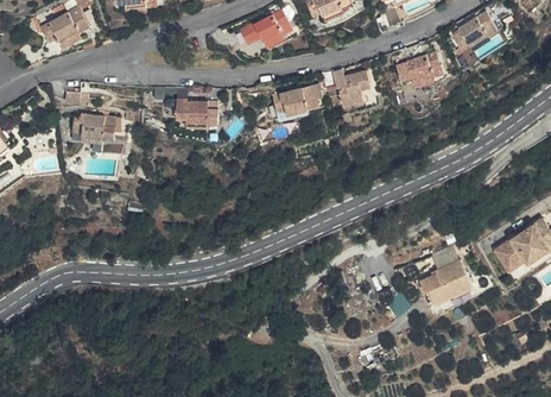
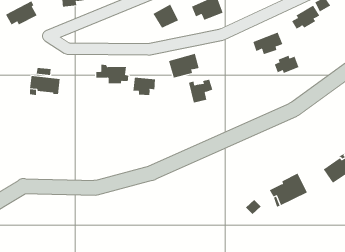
building: [335,70,370,105] -> [188,79,213,103]
building: none -> [274,55,299,74]
building: none -> [133,77,156,96]

